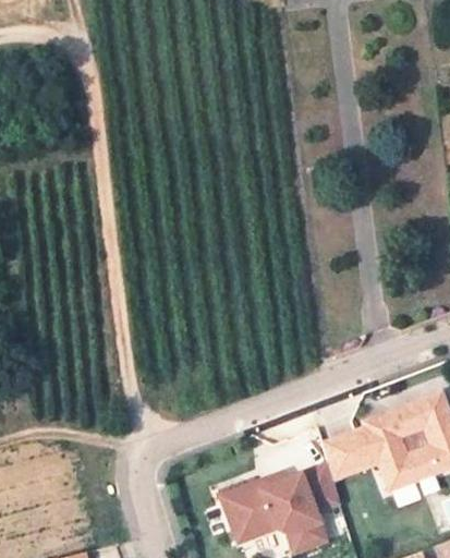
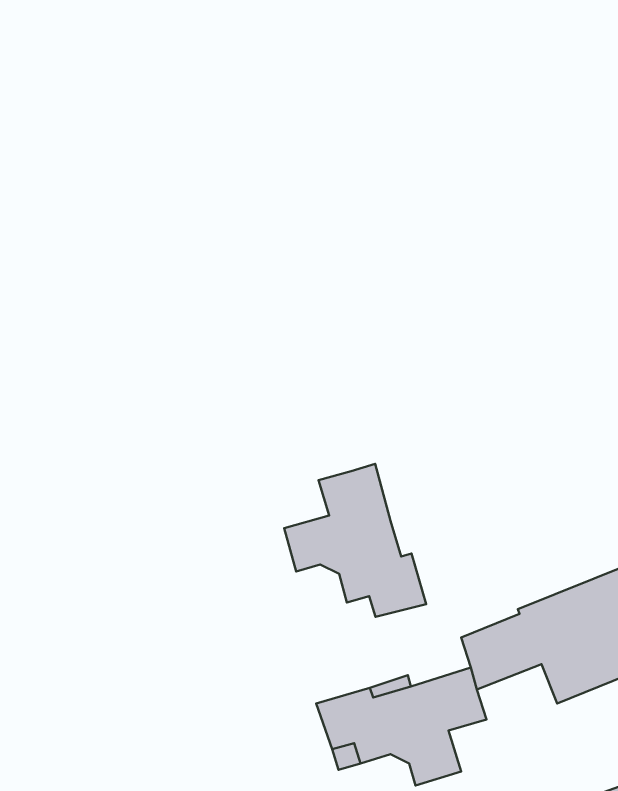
building: none -> [284,464,426,617]

